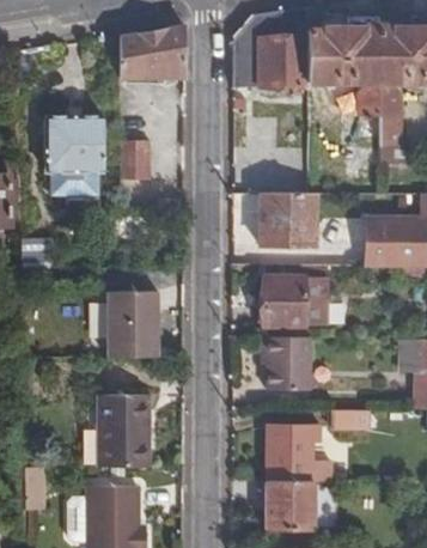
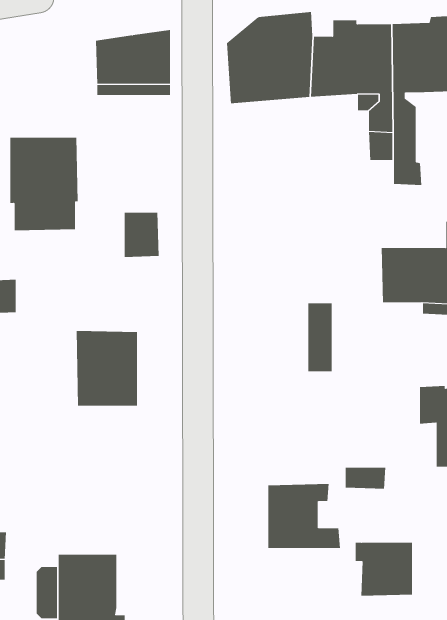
building: [122,140,153,179] -> [124,212,160,258]
building: [266,196,323,249] -> none
building: [263,266,304,327] -> none
building: [263,335,312,389] -> none
building: [100,394,150,464] -> none
building: [263,479,313,525] -> [355,542,413,596]

